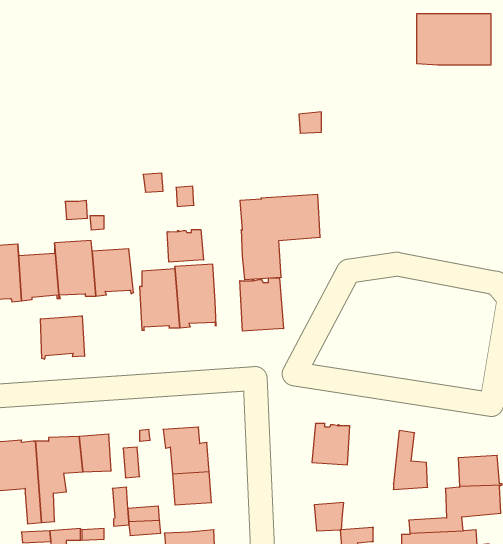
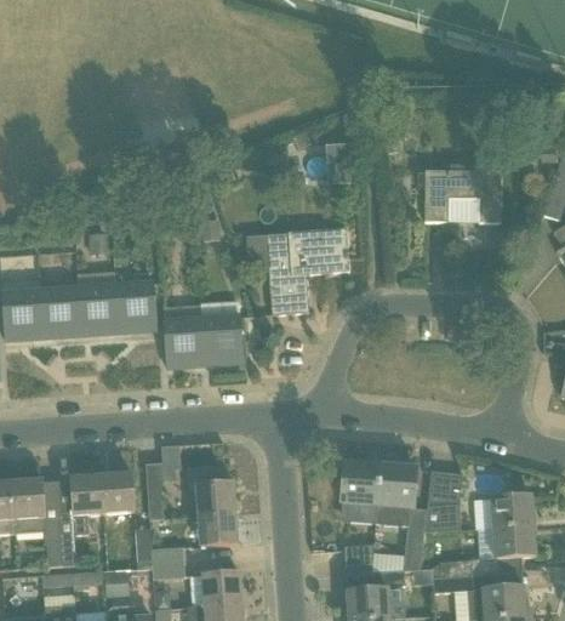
building: [417,14,491,65] -> [424,171,501,223]
building: [167,230,204,262] -> none
building: [240,278,284,331] -> none
building: [41,316,85,359] -> none
building: none -> [375,466,424,572]

